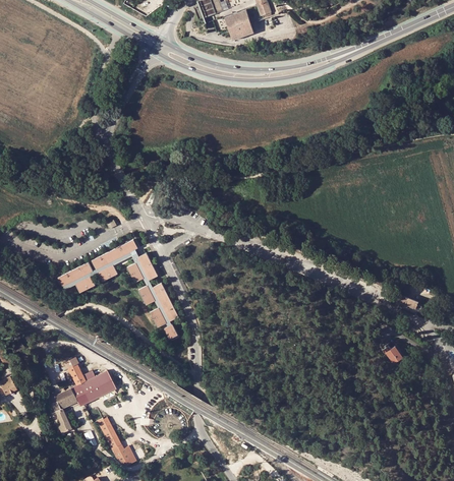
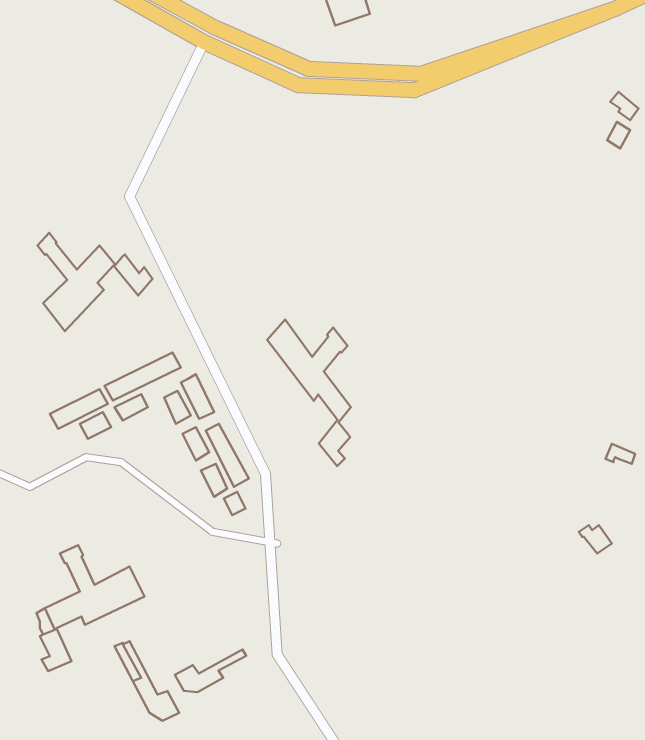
building: none -> [38,233,152,331]
building: none -> [267,319,351,466]
building: none -> [175,649,246,692]

